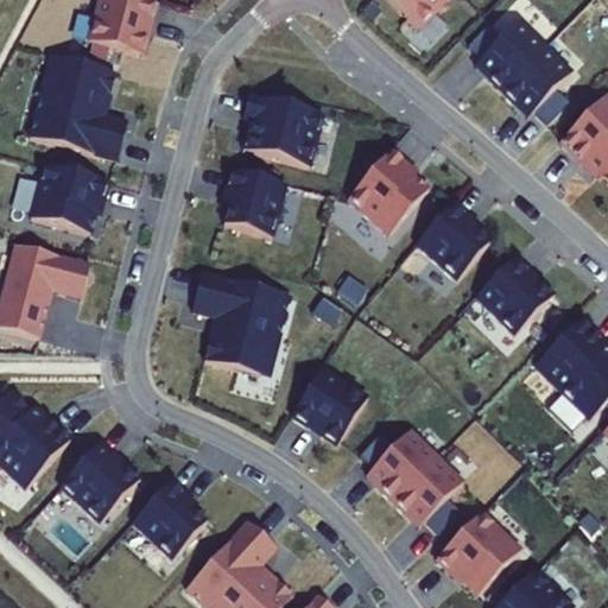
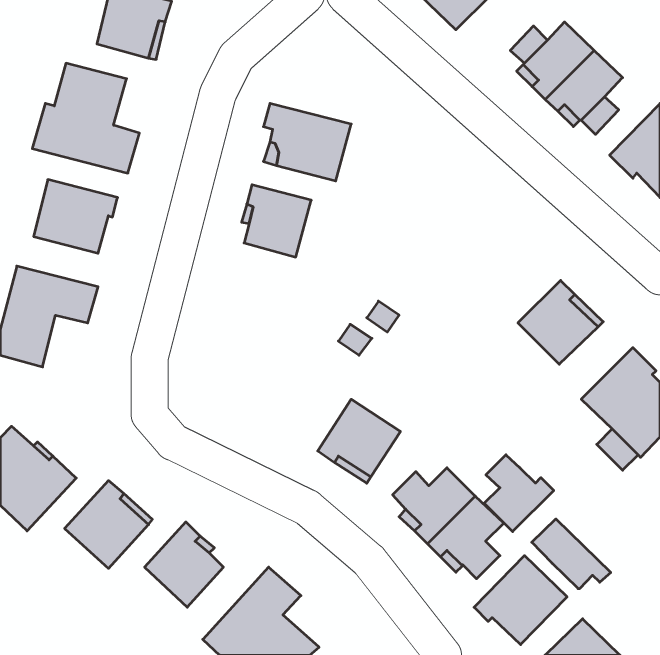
building: [348,150,429,235] -> none
building: [417,202,489,280] -> none
building: [192,272,290,374] -> none
building: none -> [484,455,554,532]
building: none -> [532,519,611,589]

